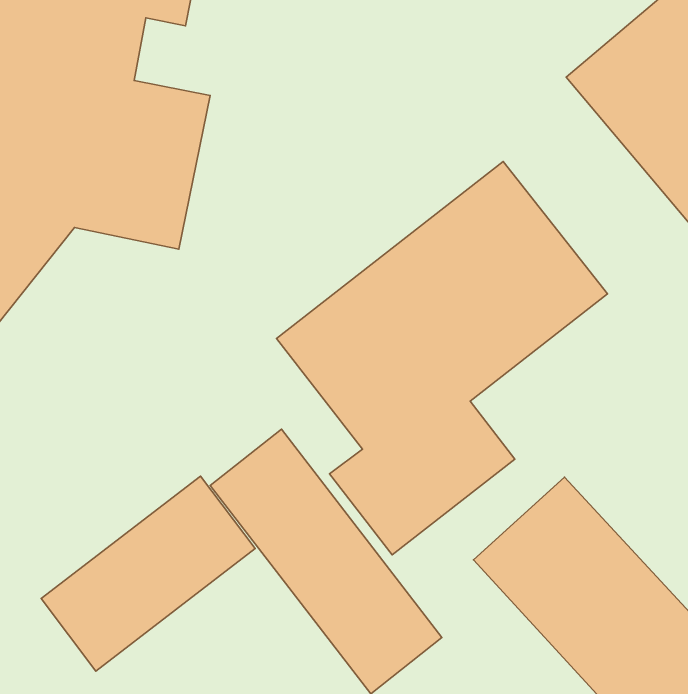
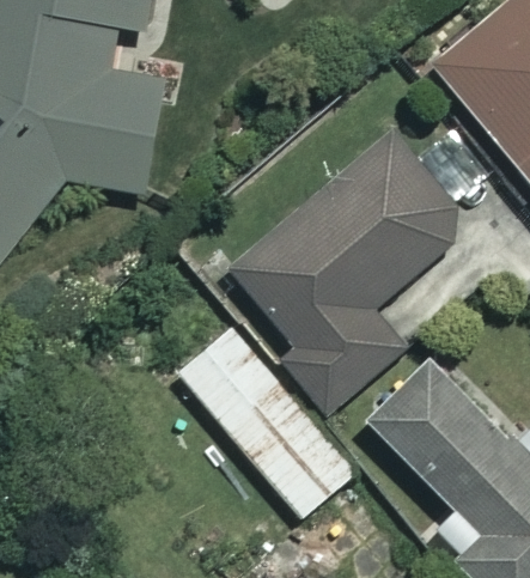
building: [41,476,255,671] -> none

